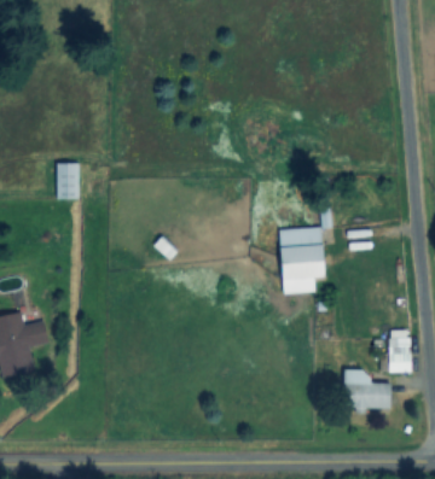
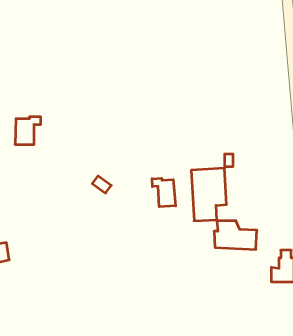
building: none -> [152,178,176,207]
building: [337,370,391,407] -> [214,221,257,249]

